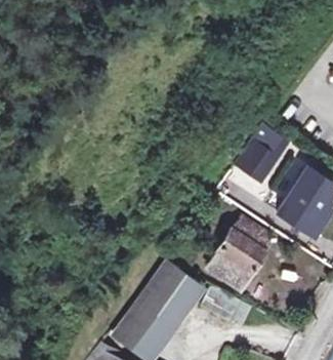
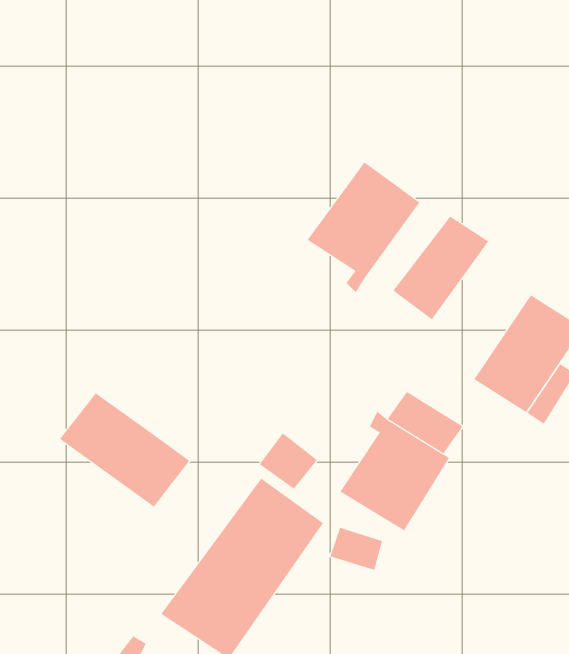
building: none -> [307,162,420,293]
building: none -> [59,392,190,507]

